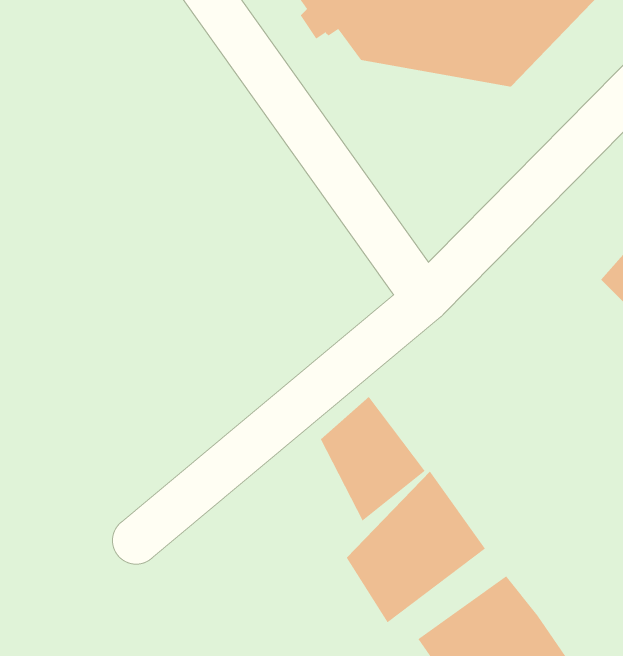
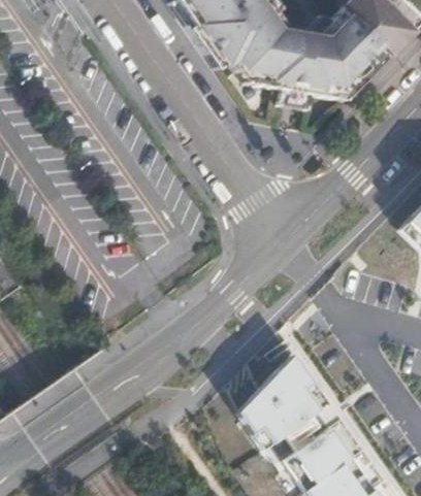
building: [320,396,426,521] -> none

